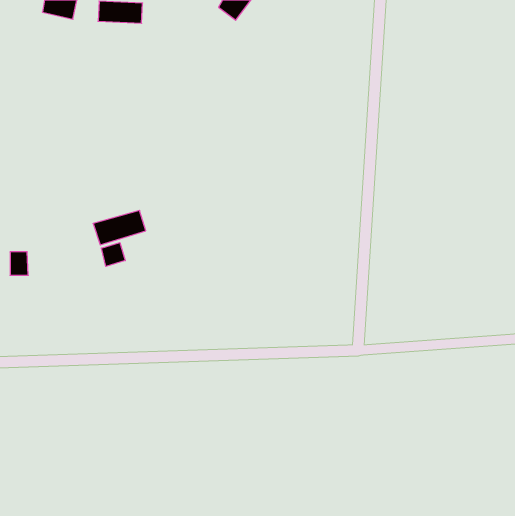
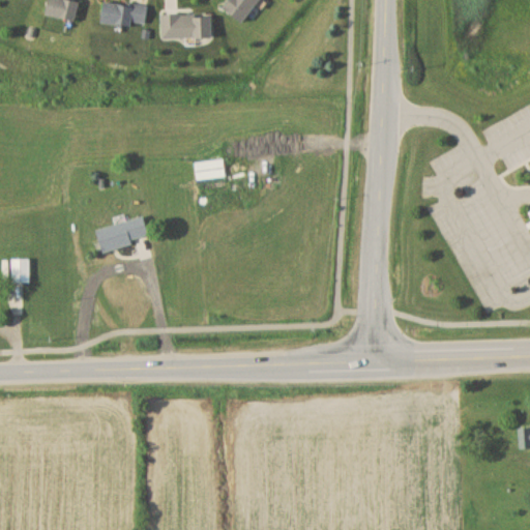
building: none -> [161,14,211,37]
building: none -> [195,160,223,178]
building: [101,243,125,266] -> none

